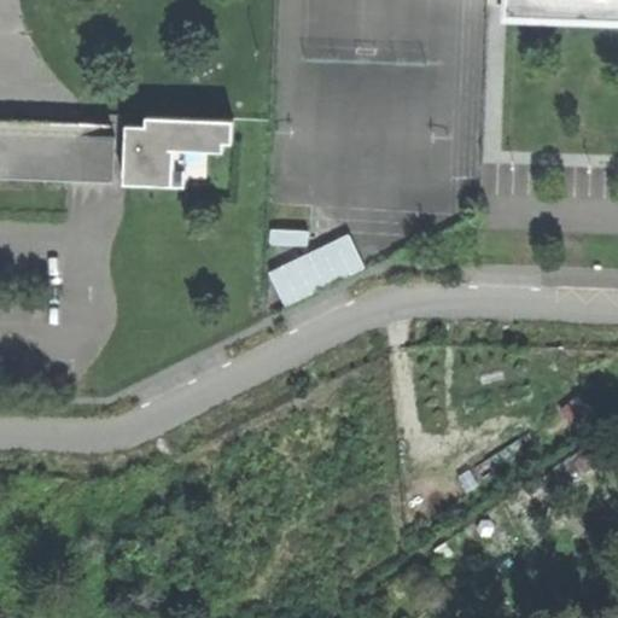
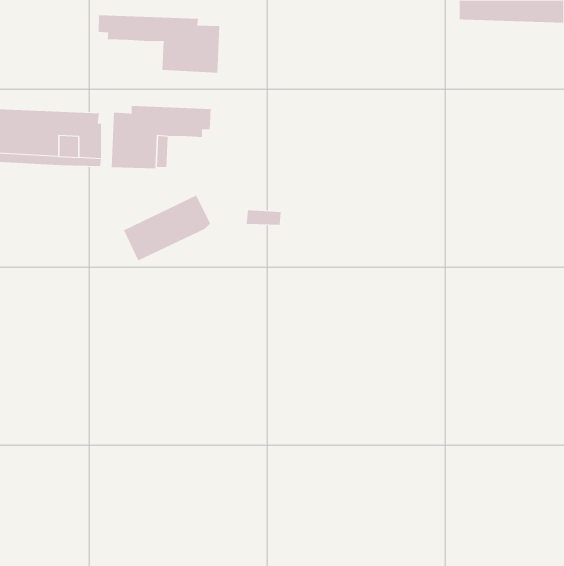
building: none -> [98,14,220,74]
building: [268,234,363,307] -> [123,195,211,261]

